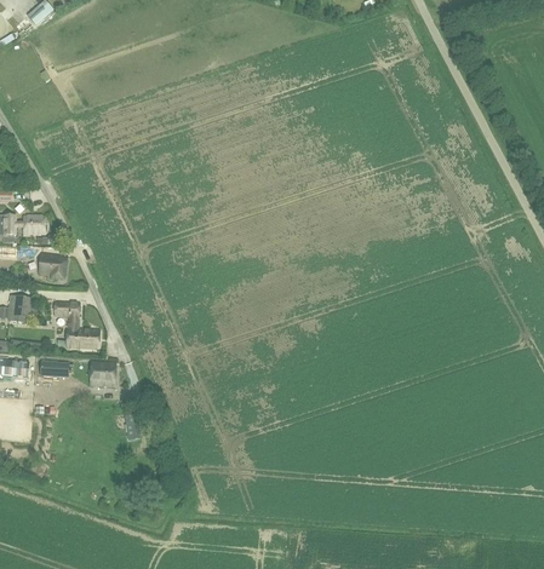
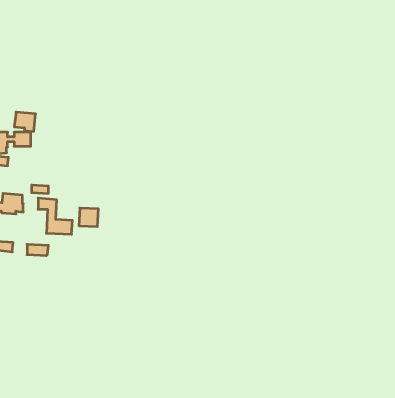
building: [39,253,67,278] -> [14,112,36,131]
building: [90,361,115,385] -> [79,208,98,227]

